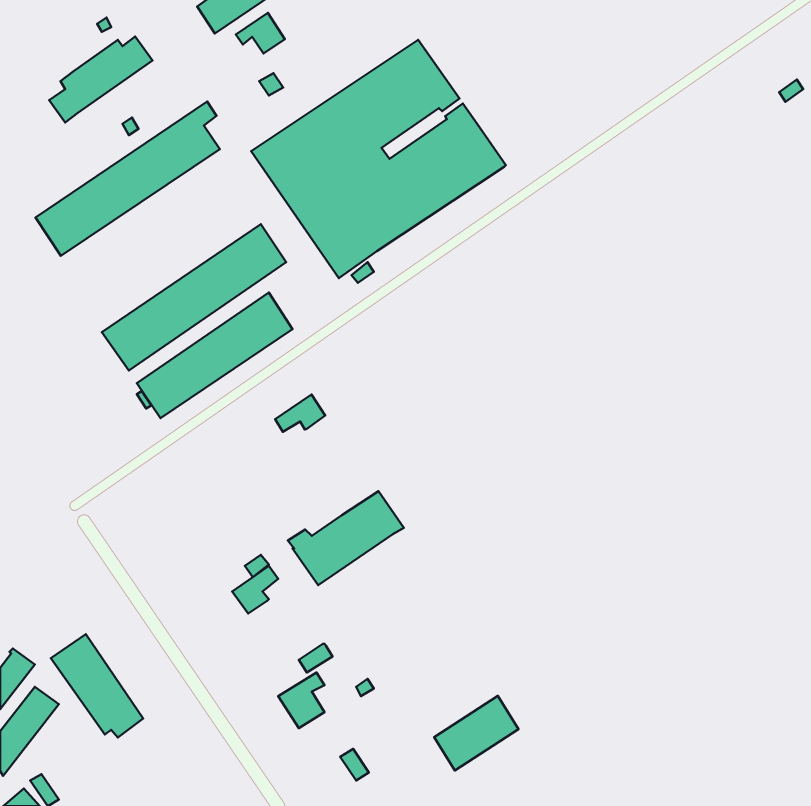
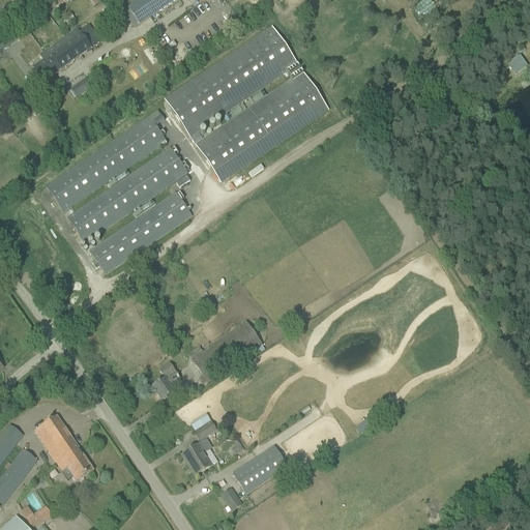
building: [236,13,285,53] -> none
building: [35,102,220,256] -> [47,109,167,209]
building: [275,395,325,432] -> none
building: [434,696,519,771] -> [234,444,289,493]

